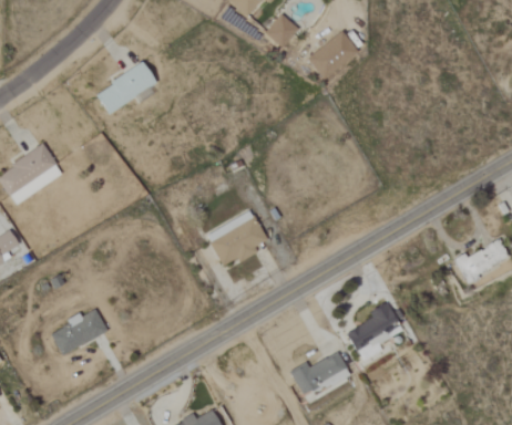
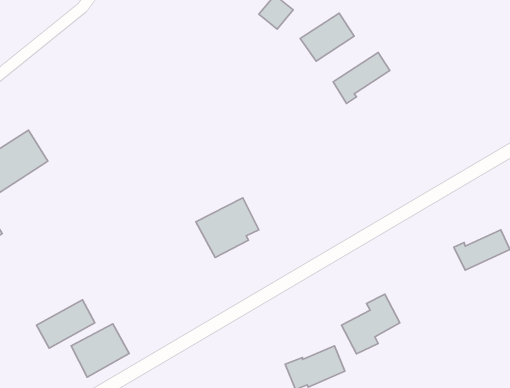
building: [95,64,156,113] -> none
building: none -> [333,52,390,104]
building: none -> [71,324,129,377]

